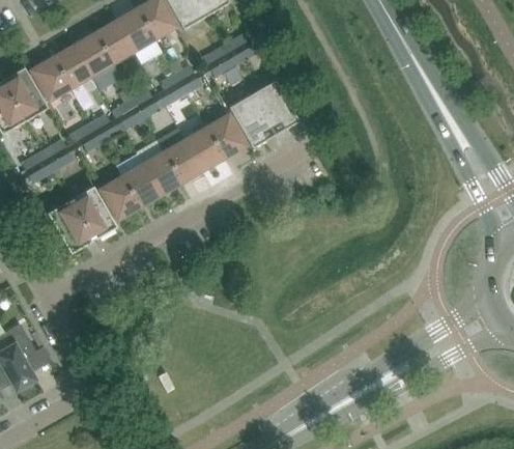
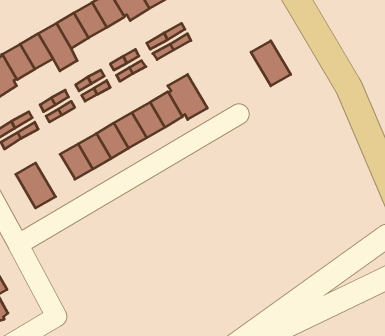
building: [252,80,299,134] -> [251,41,291,86]
building: [70,186,117,240] -> none

